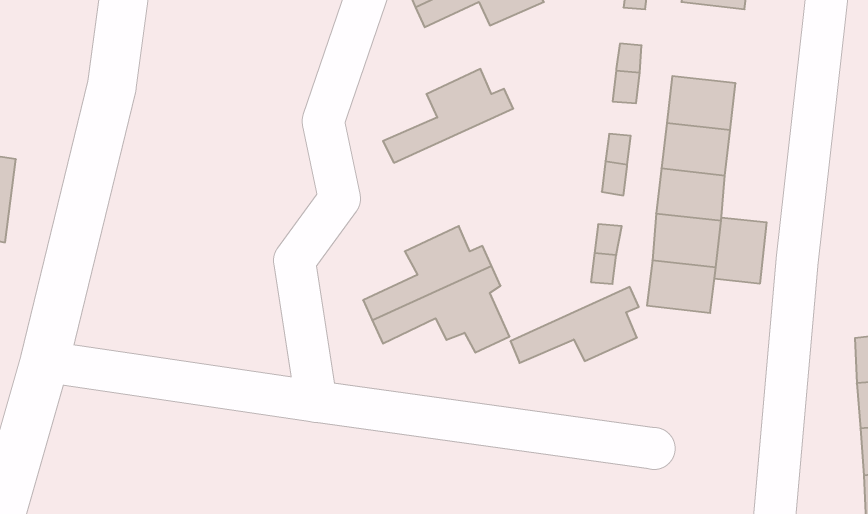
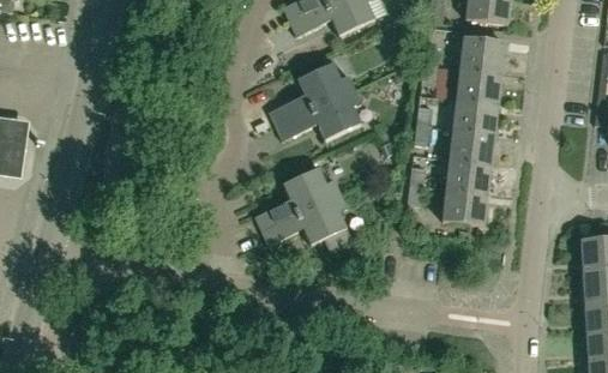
building: none -> [459,37,505,72]
building: [715,218,767,284] -> none
building: [510,287,639,363] -> [275,89,360,139]

